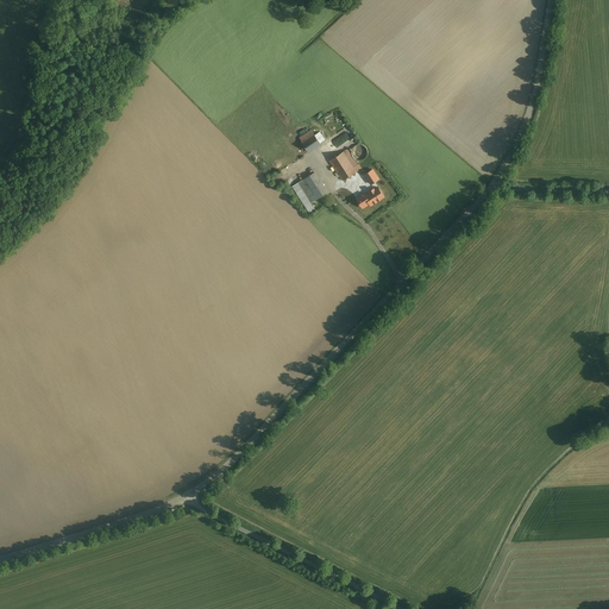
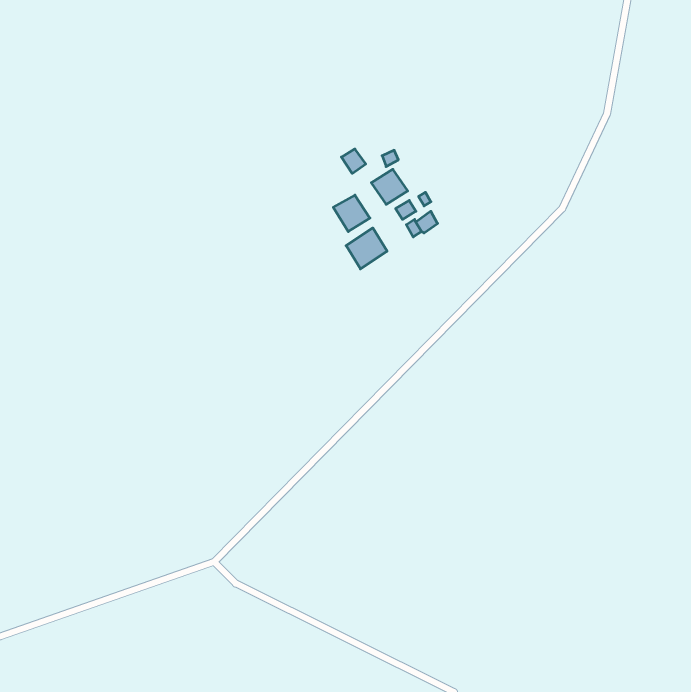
building: none -> [346,228,387,269]

